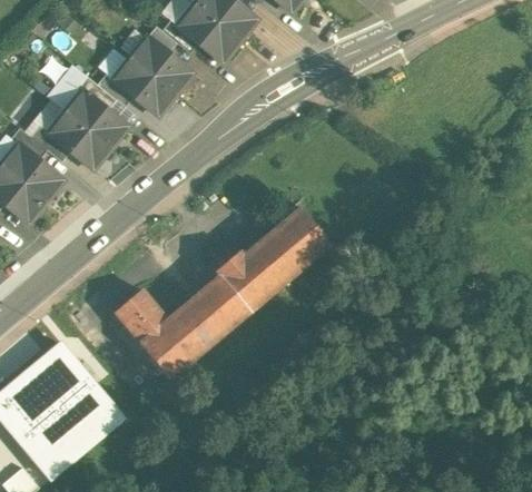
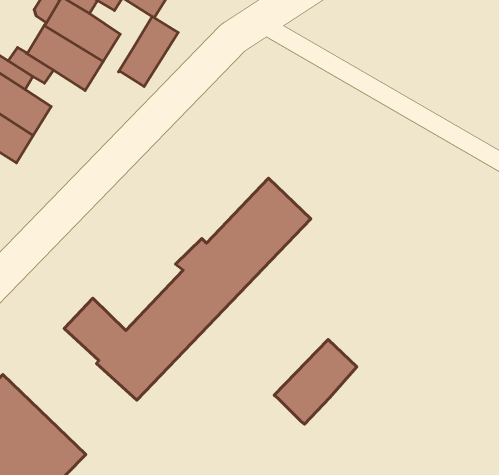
building: none -> [119,17,178,87]
building: none -> [274,339,357,424]

